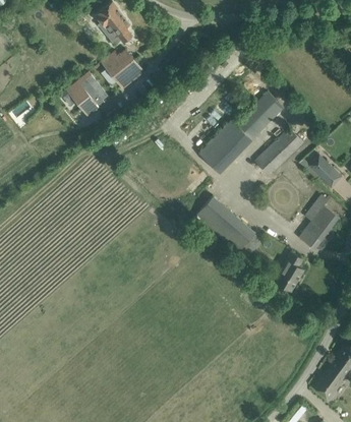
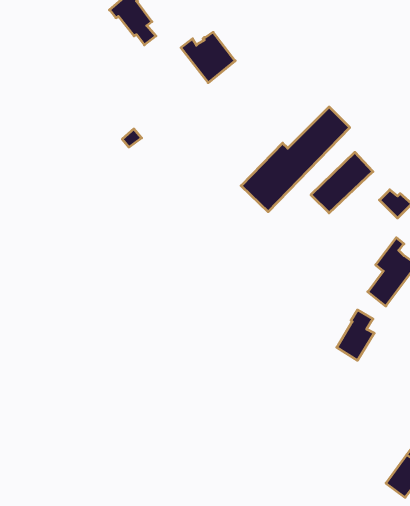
building: [101,49,143,88] -> [181,32,235,83]
building: [66,75,105,116] -> none
building: [194,196,255,253] -> none

